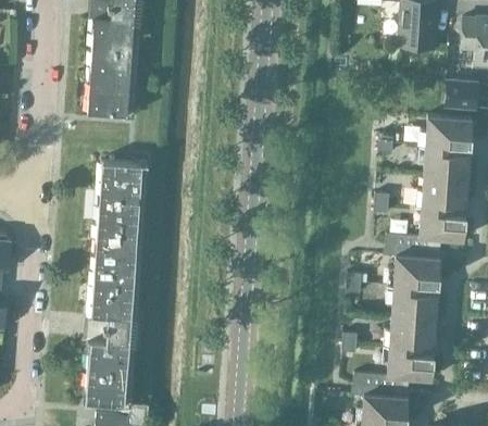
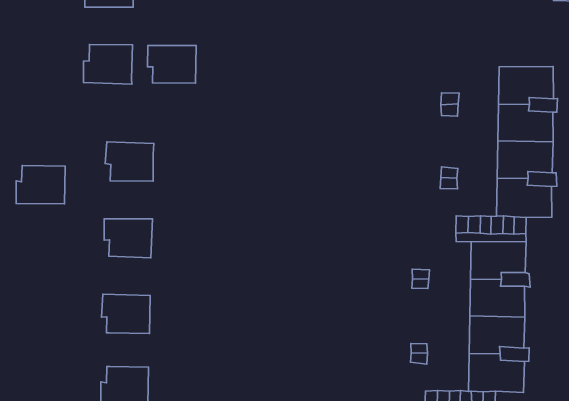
building: [92,50,133,83] -> [148,45,196,83]
building: [446,80,478,109] -> none
building: [100,191,141,224] -> [16,166,65,204]
building: [96,252,136,286] -> none
building: [98,314,132,343] -> none

